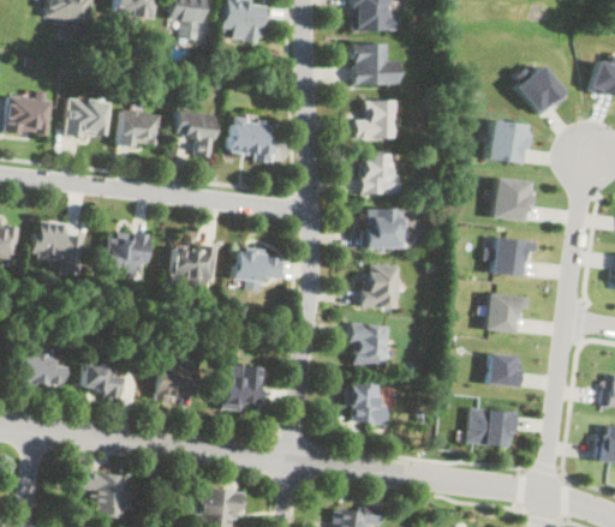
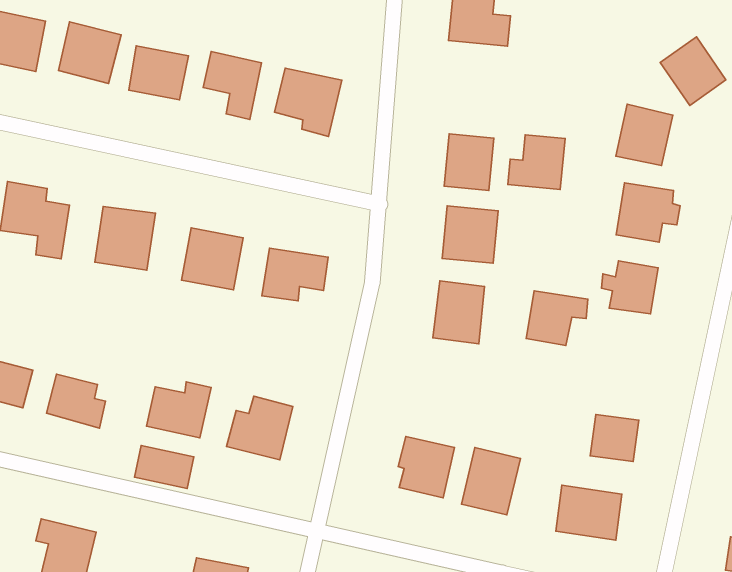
building: [356,100,395,138] -> [508,135,565,190]
building: [488,293,531,331] -> [526,291,588,345]
building: [350,322,390,370] -> [461,448,520,515]
building: none -> [134,445,194,489]

